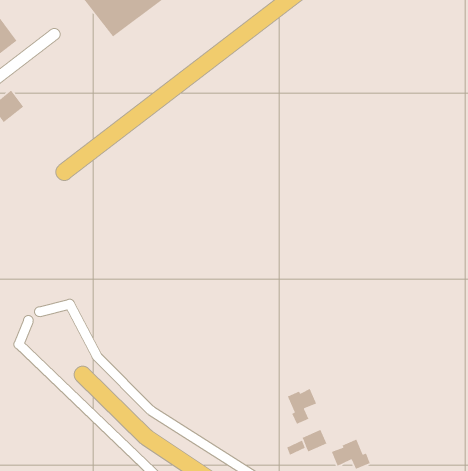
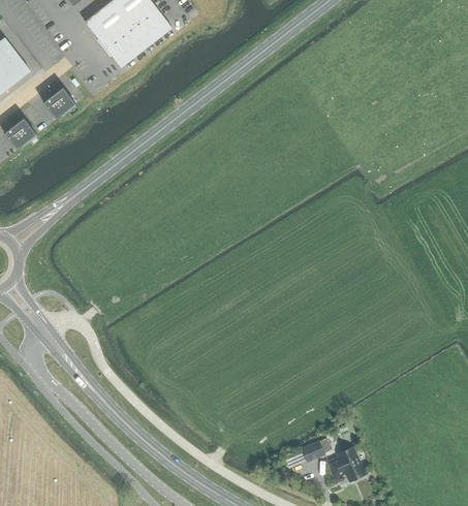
building: none -> [43,88,75,120]
building: [287,388,317,425] -> none

